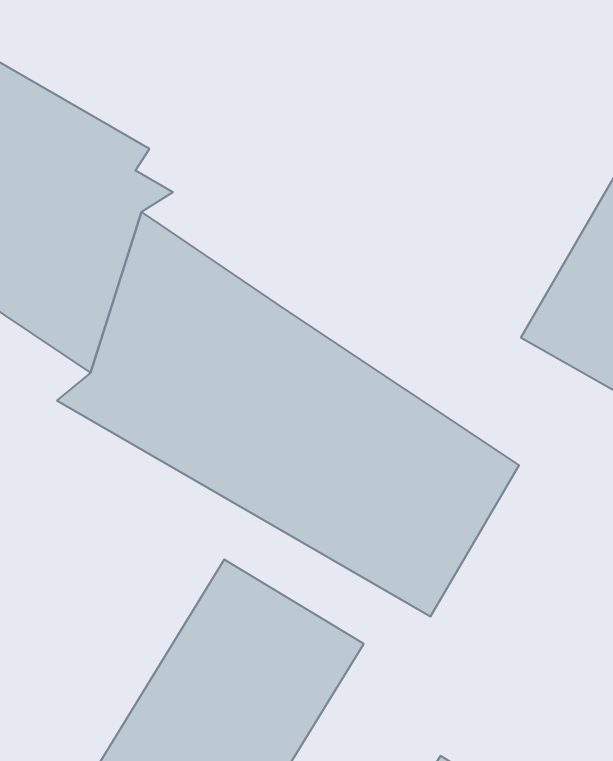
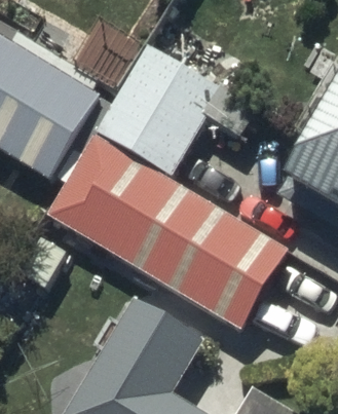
building: none -> [89,37,222,167]

